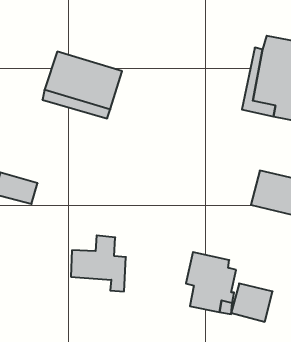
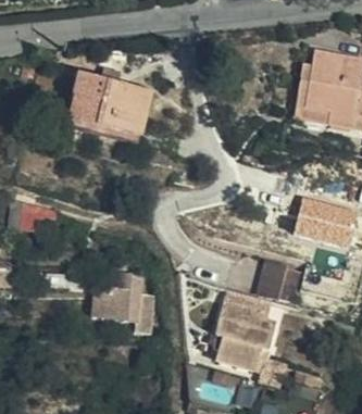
building: [231,283,273,322] -> [259,260,304,302]

